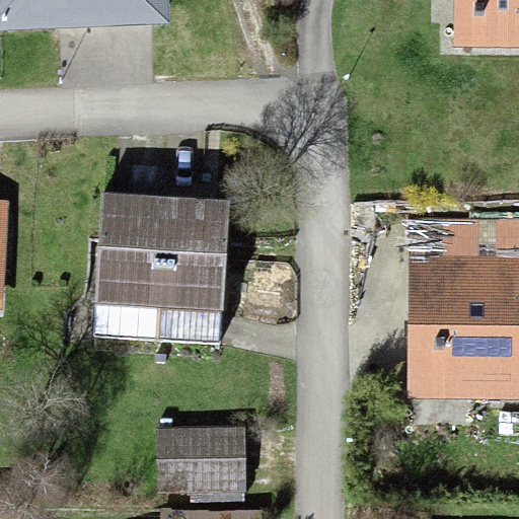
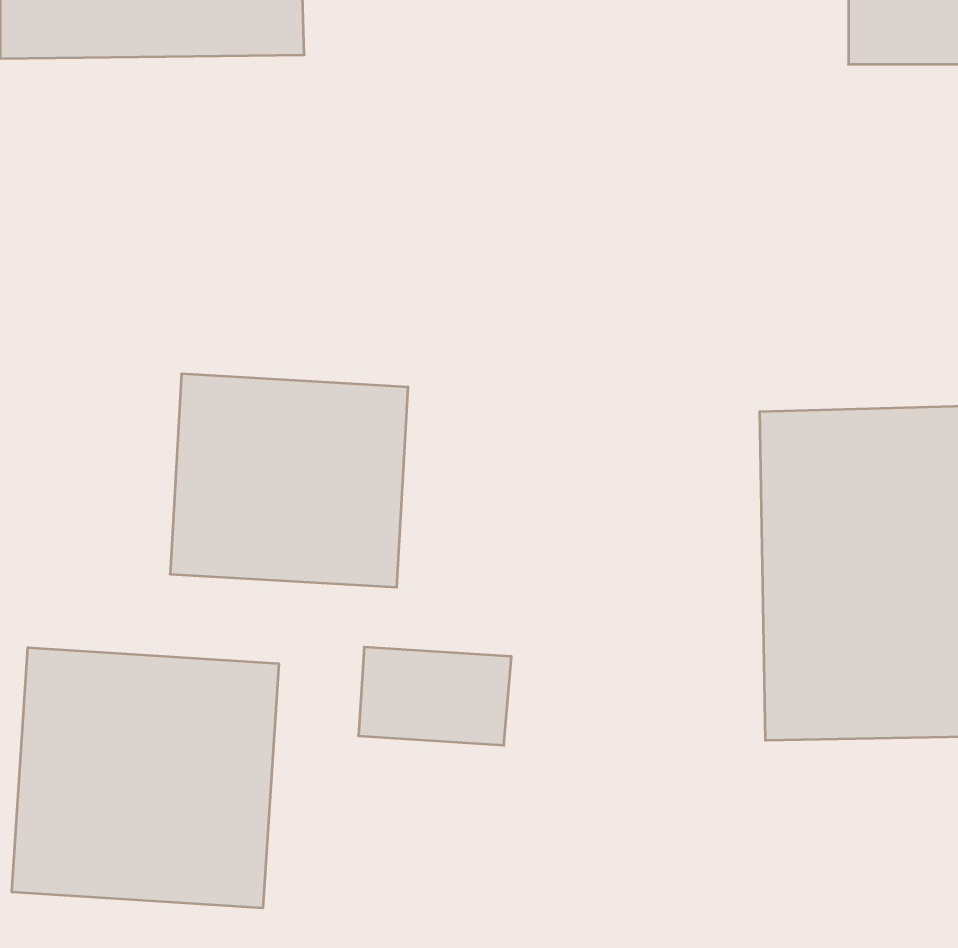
building: none -> [12,647,279,908]
building: [160,427,242,479] -> [358,647,511,745]

